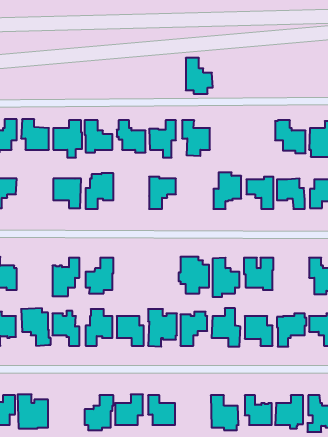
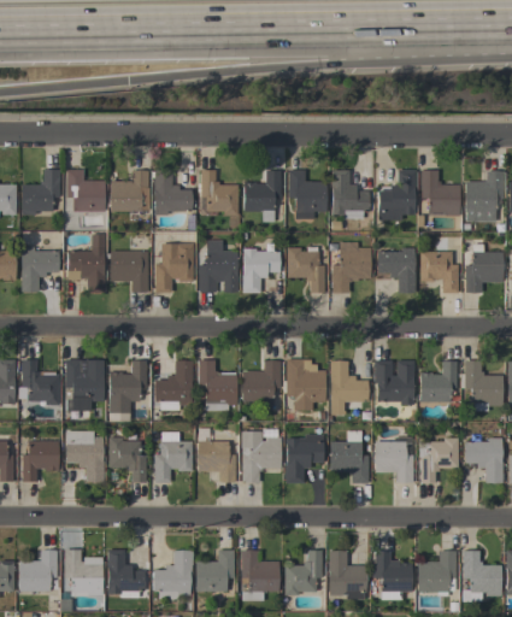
building: [186,58,213,94] -> [331,170,369,219]
building: none -> [377,170,416,219]
building: none -> [67,234,105,293]
building: none -> [199,240,237,292]
building: none -> [287,247,324,293]
building: none -> [65,359,104,411]
building: none -> [198,360,236,411]
building: none -> [242,360,279,409]
building: none -> [419,360,457,401]
building: none -> [106,550,145,598]
building: none -> [284,550,322,595]

